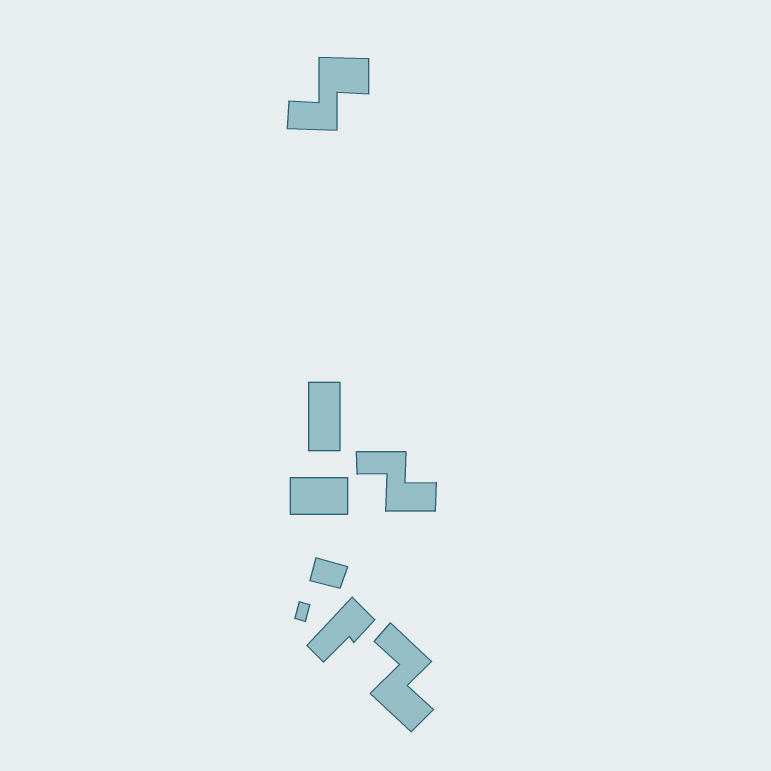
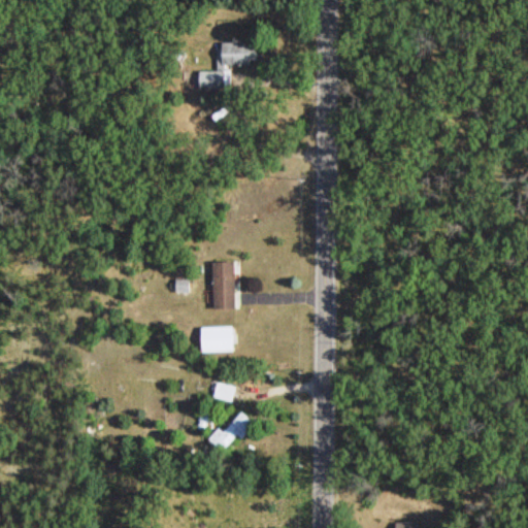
building: [357,452,436,511] -> none
building: [370,623,434,732] -> none

